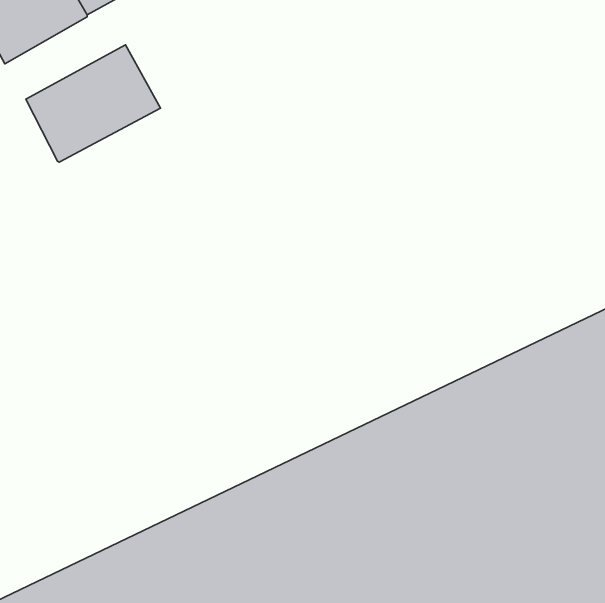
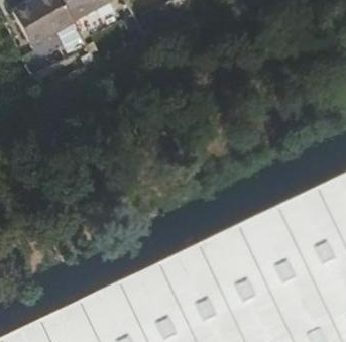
building: [26,45,161,162] -> none

